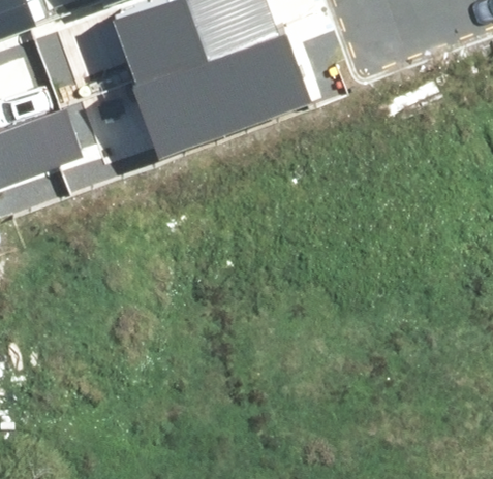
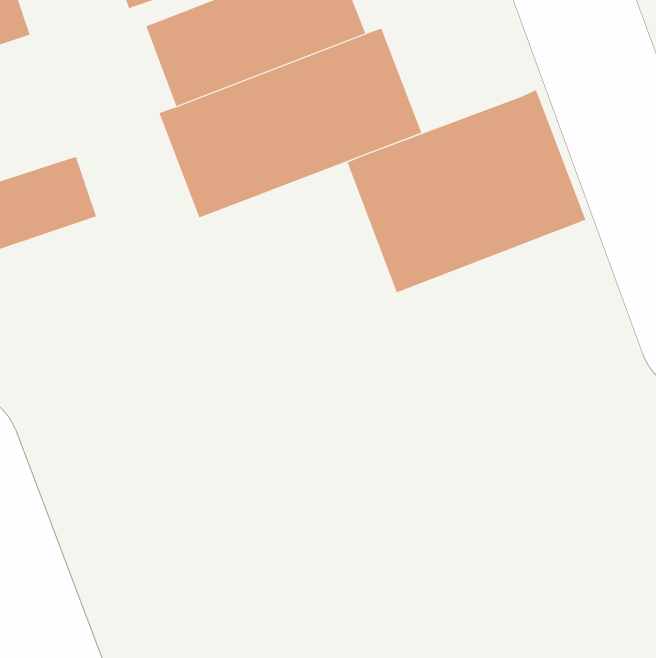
building: none -> [347,89,586,293]

